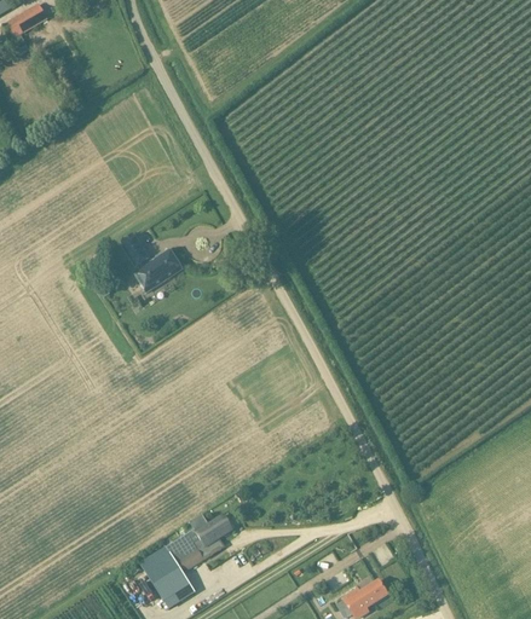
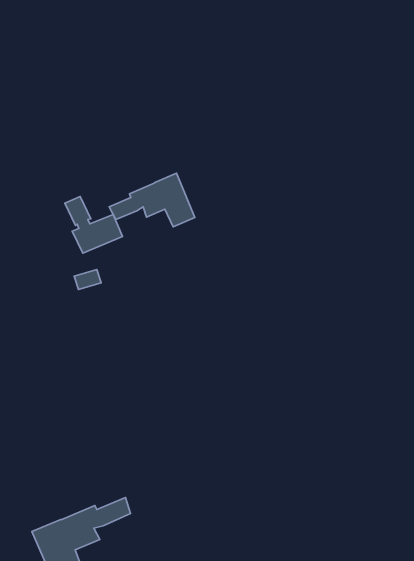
building: none -> [109,173,195,227]

